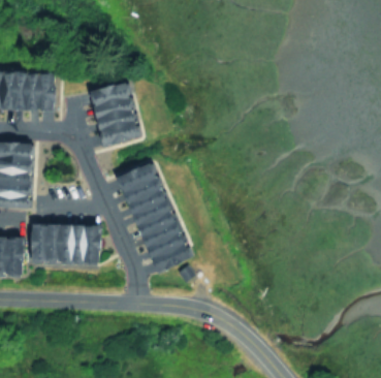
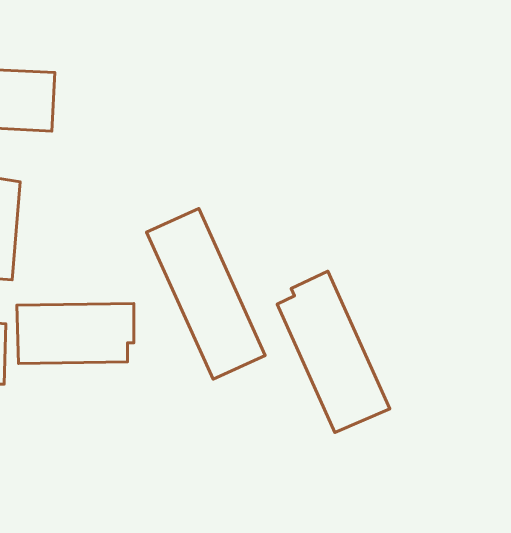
building: [89,82,138,145] -> none
building: none -> [277,271,390,433]

